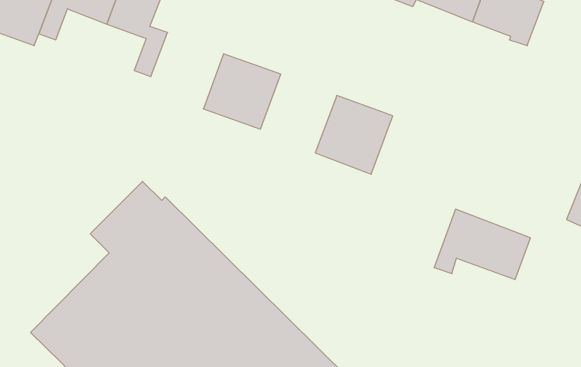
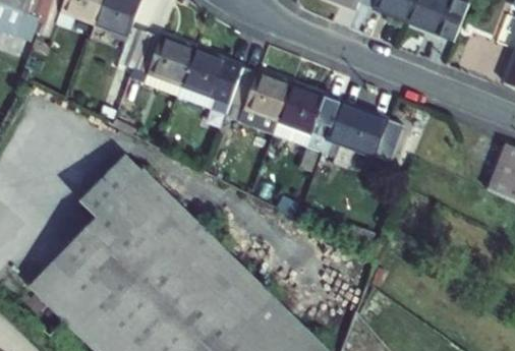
building: none -> [128,30,193,95]
building: none -> [225,65,290,132]
building: [434,209,530,280] -> [320,101,402,161]

